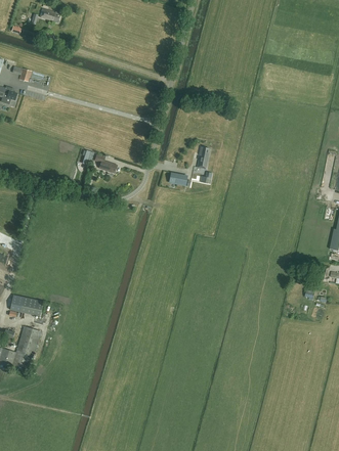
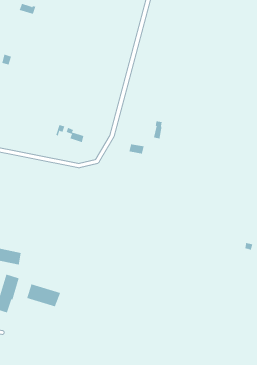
building: none -> [27,283,61,307]

